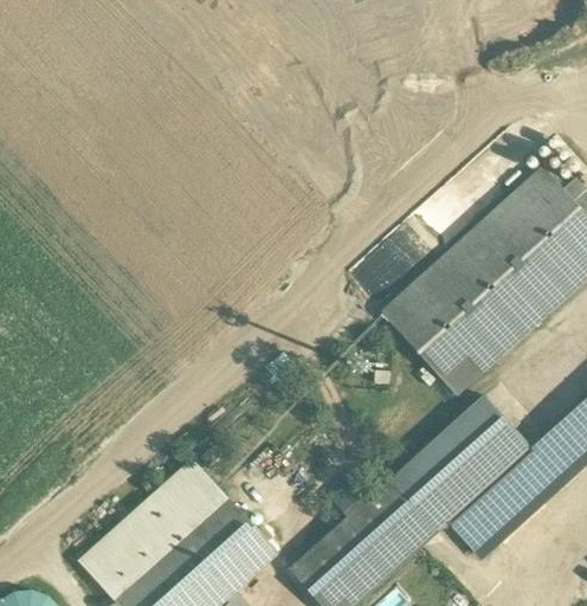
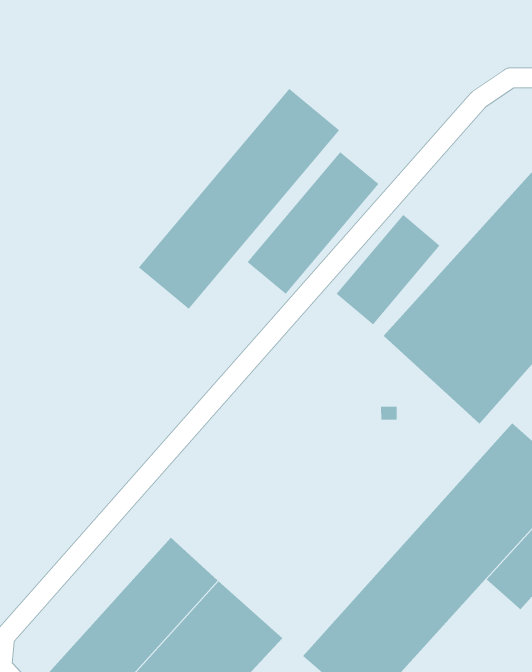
building: none -> [138,88,340,310]
building: none -> [247,151,379,295]

